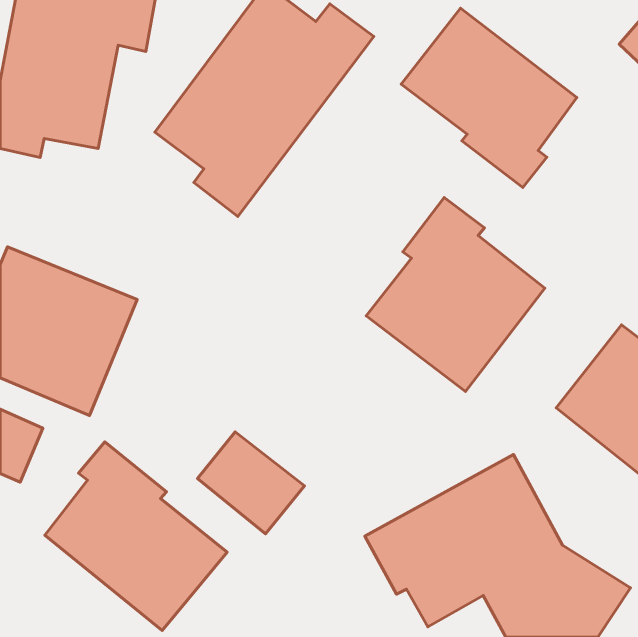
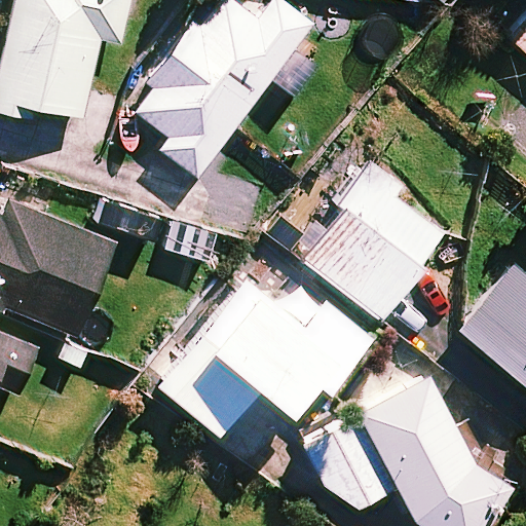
building: [401,8,577,188] -> none
building: none -> [195,281,373,419]
building: [45,442,227,631] -> none

